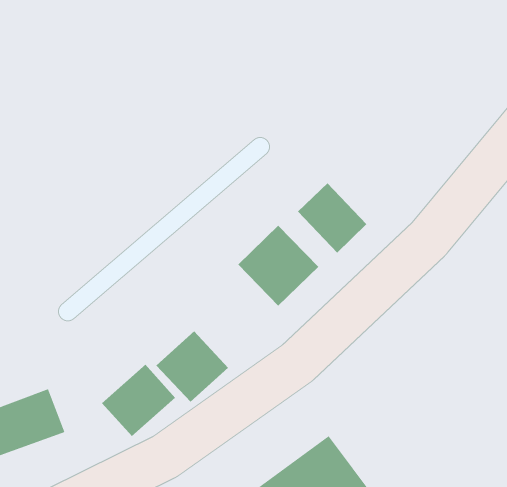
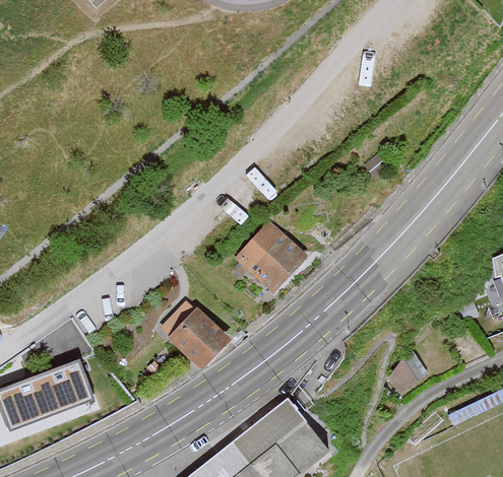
building: [297,182,367,253] -> none
building: [101,364,176,437] -> none

